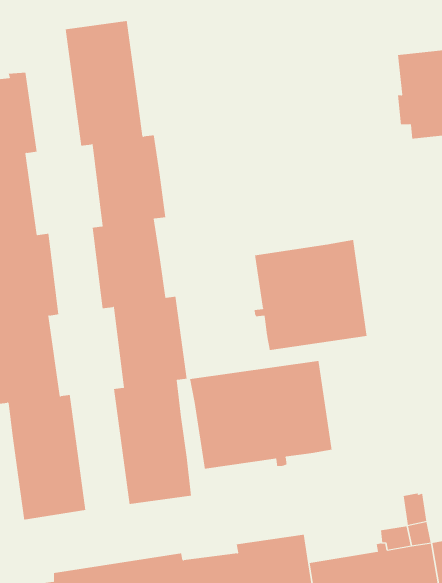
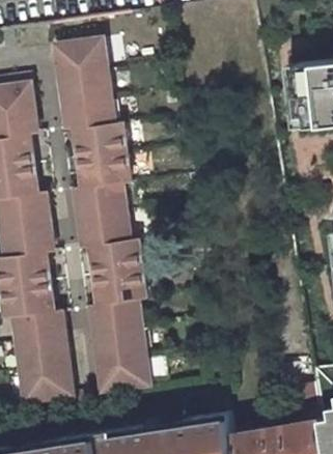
building: [254,239,367,351] -> none
building: [189,360,332,470] -> none

